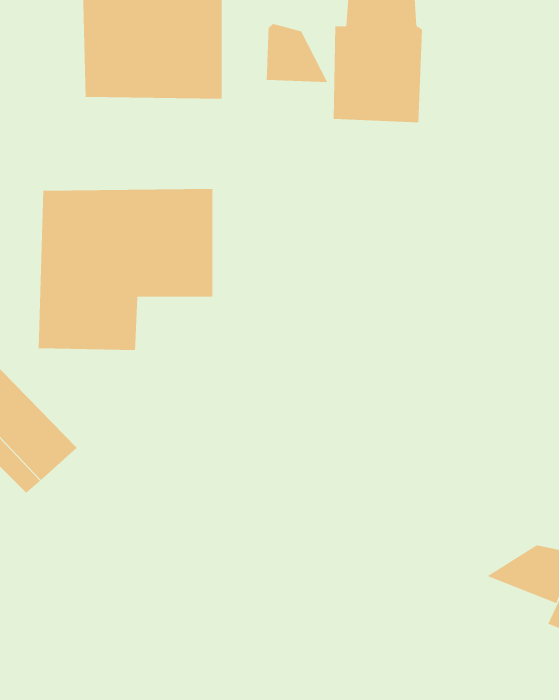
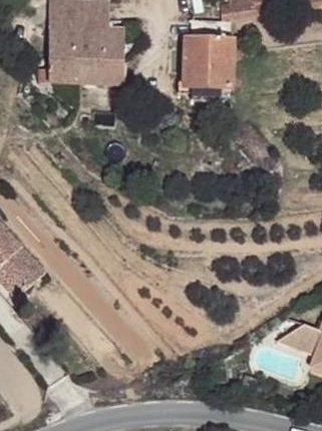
building: [266,23,328,83] -> none
building: [38,188,213,351] -> none

